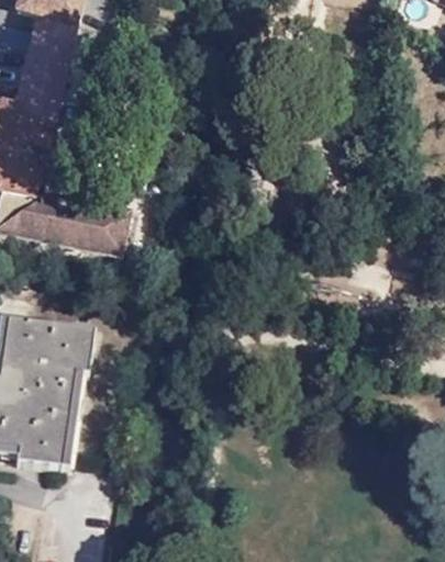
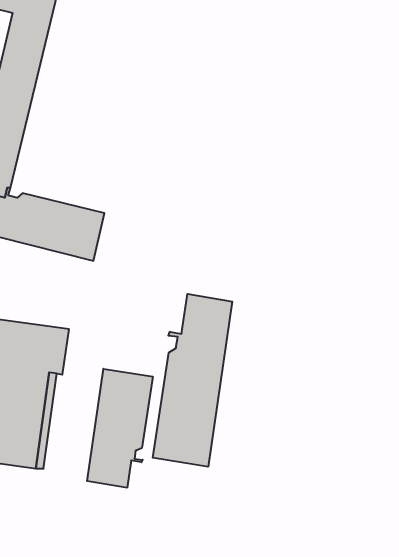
building: none -> [153,294,232,467]
building: none -> [87,369,153,488]

